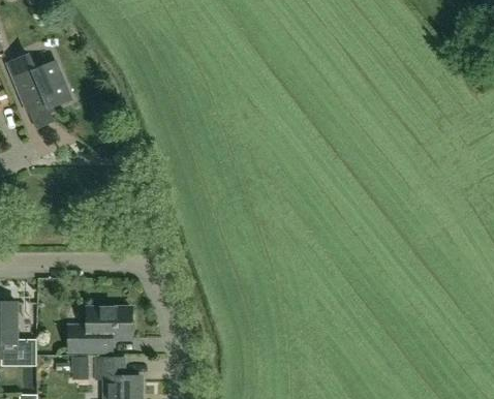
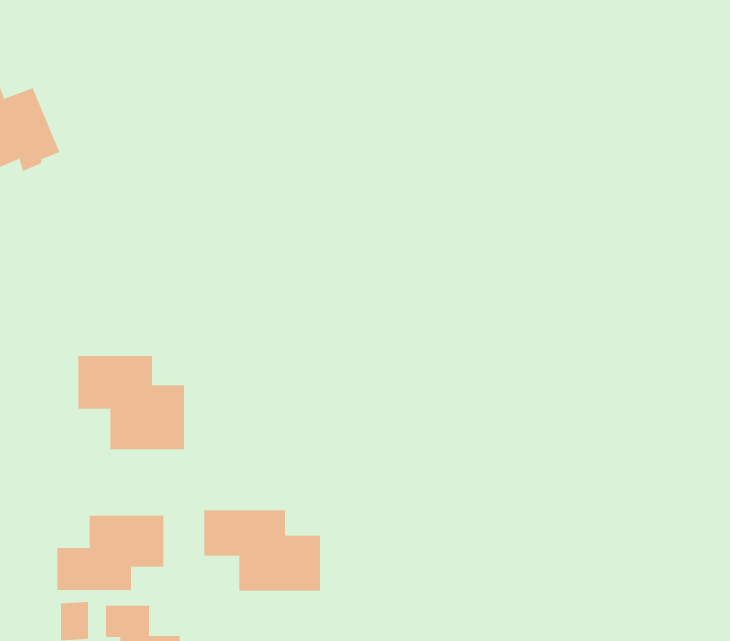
building: none -> [78,355,185,450]
building: none -> [204,509,321,592]

